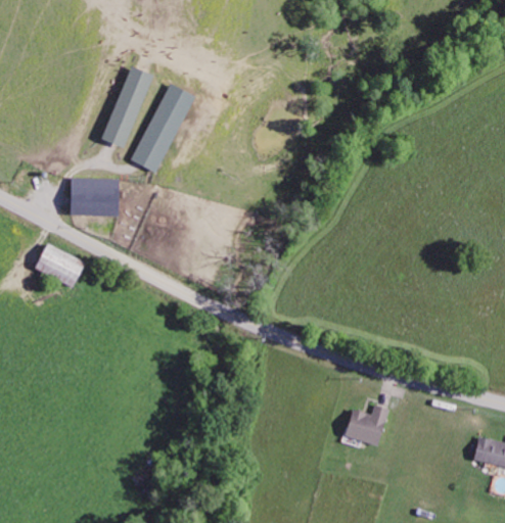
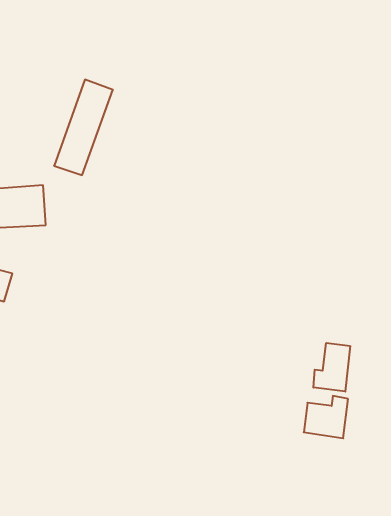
building: [100,65,151,148] -> none
building: none -> [313,343,350,392]

